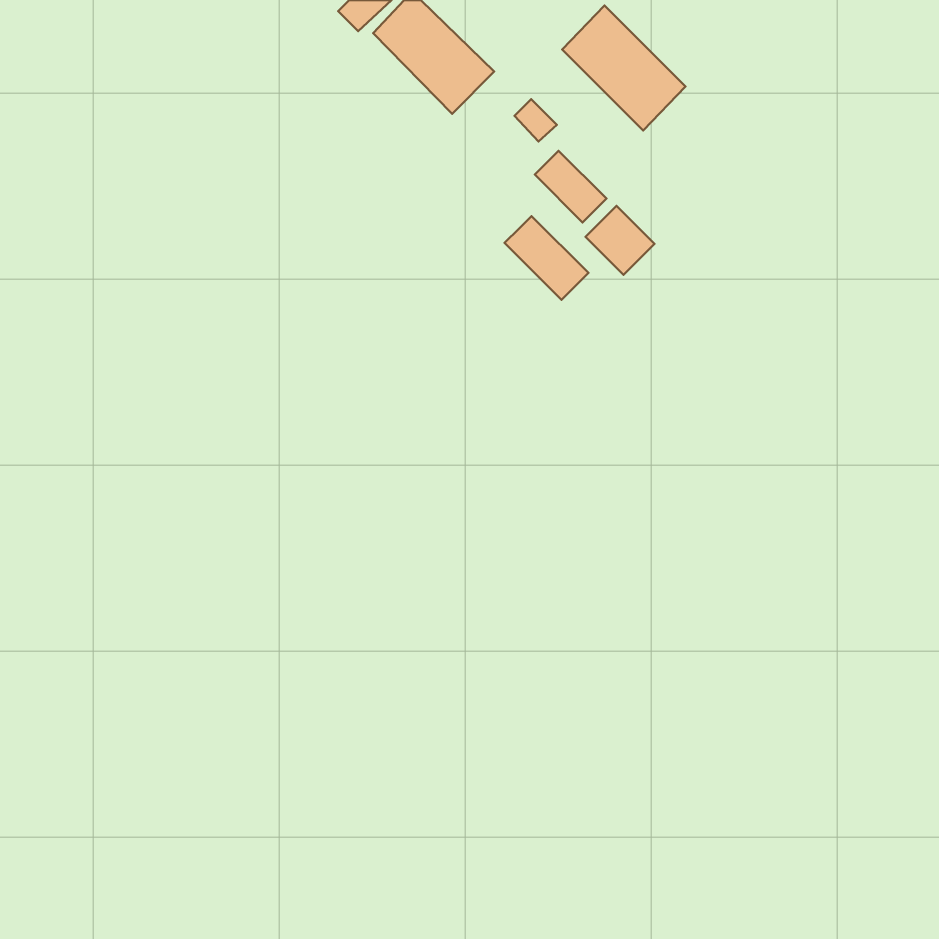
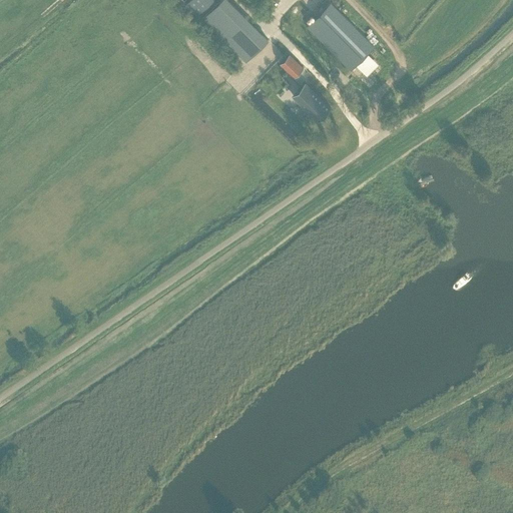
building: [586,206,655,275] -> none
building: [505,216,588,300] -> none

